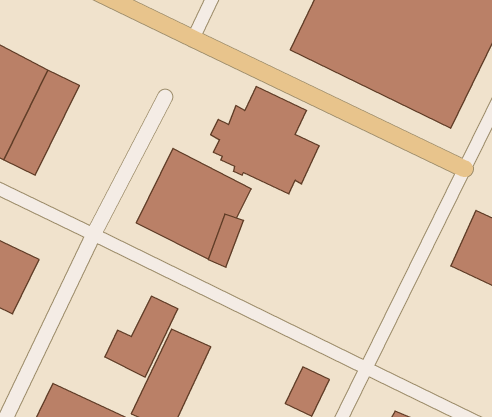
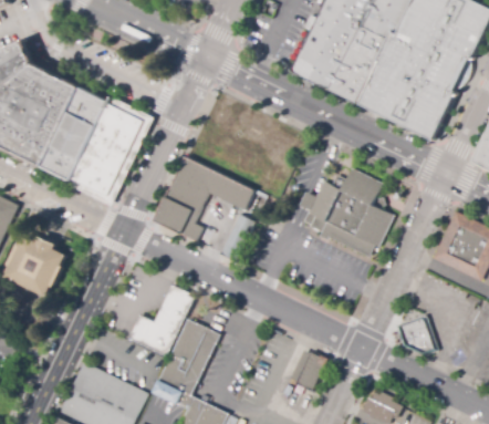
building: none -> [67,96,146,198]
building: [211,87,319,194] -> [300,163,395,257]
building: none -> [400,317,434,353]

